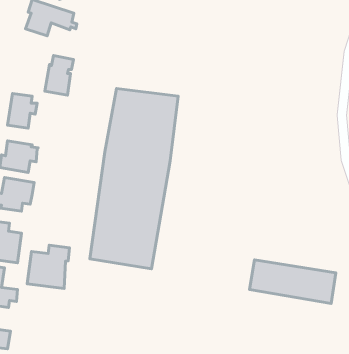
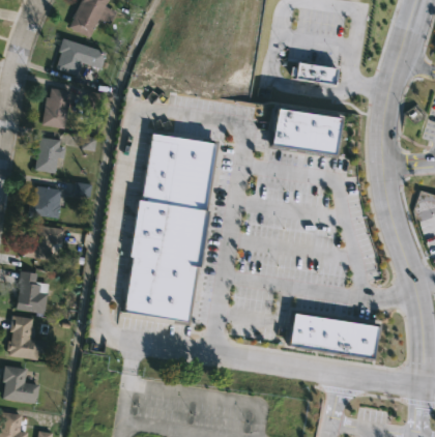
building: none -> [290,63,336,86]
building: [45,56,73,95] -> [42,86,73,127]
building: none -> [269,105,340,153]
building: [27,245,70,289] -> none

